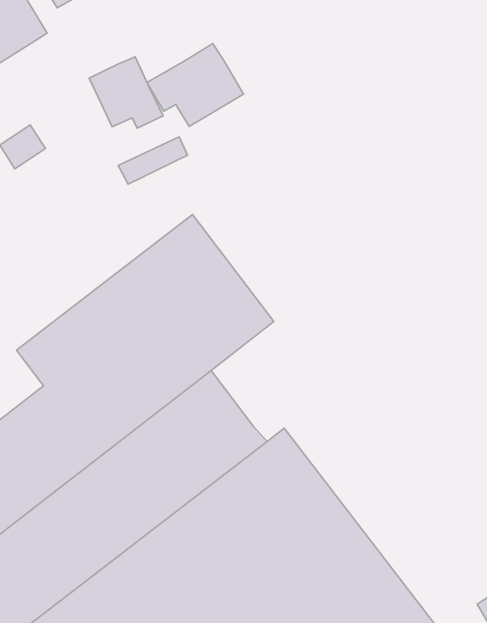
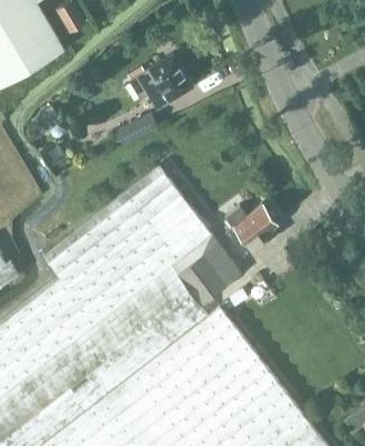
building: [89,57,163,128] -> none
building: none -> [225,205,275,257]
building: none -> [170,236,233,304]

